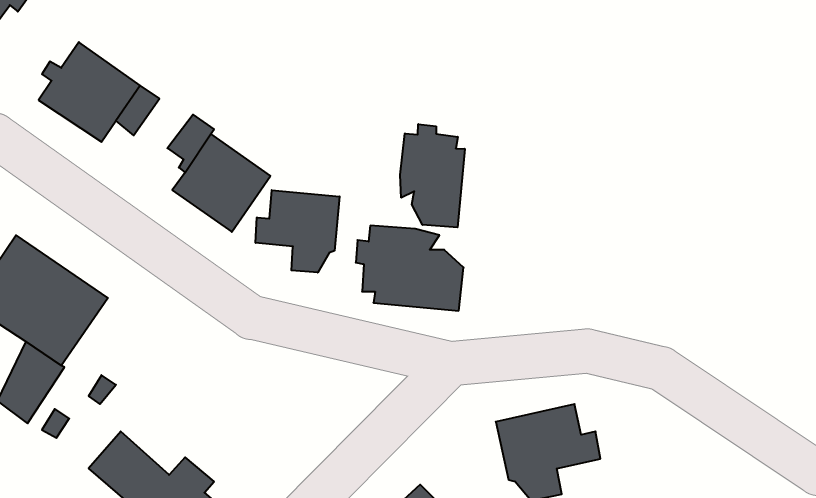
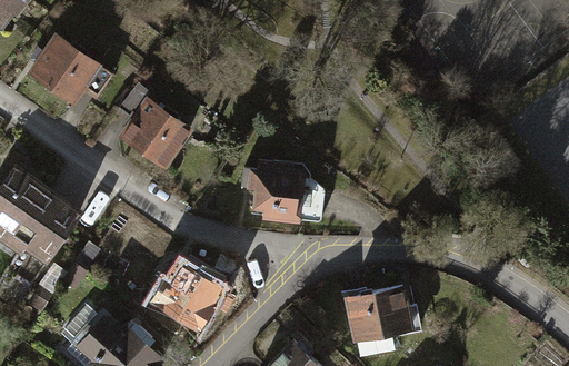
building: [400,124,465,227] -> none
building: [256,190,340,273] -> none
building: none -> [154,265,221,326]

